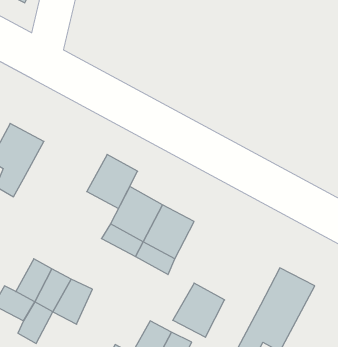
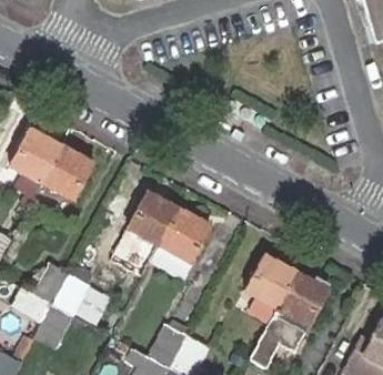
building: [87,154,138,209] -> [42,146,92,200]
building: [173,283,225,337] -> [243,254,294,307]

